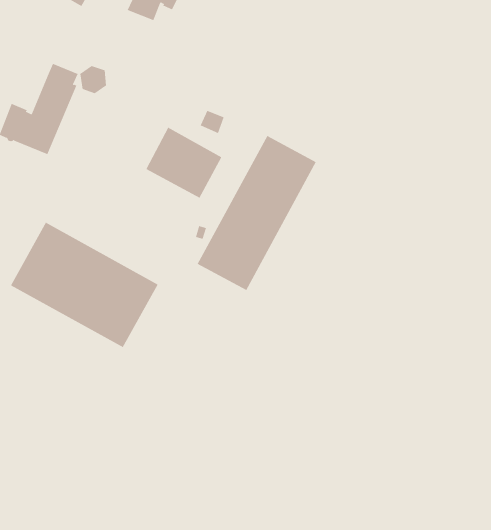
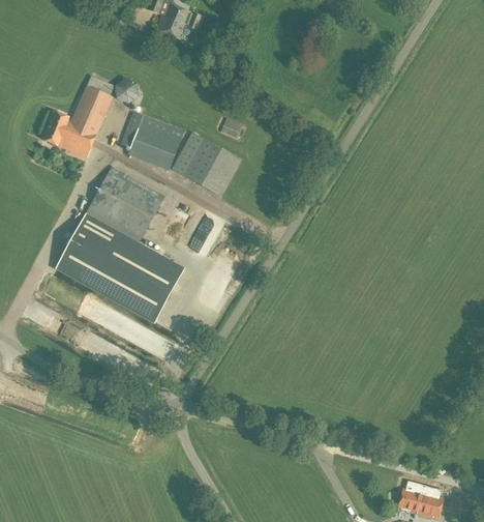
building: none -> [120,111,183,169]
building: [197,135,317,291] -> none
building: none -> [86,166,163,241]

